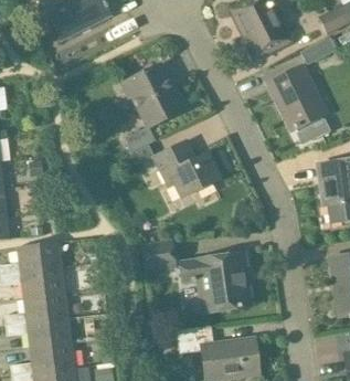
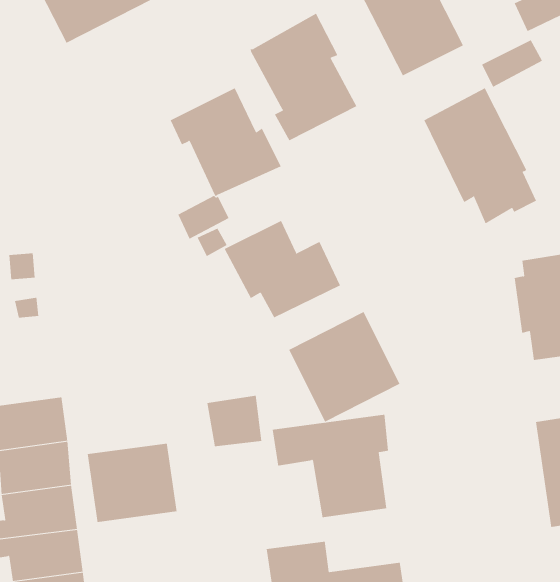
building: none -> [250,13,357,141]
building: none -> [288,311,400,422]
building: none -> [87,443,177,523]

